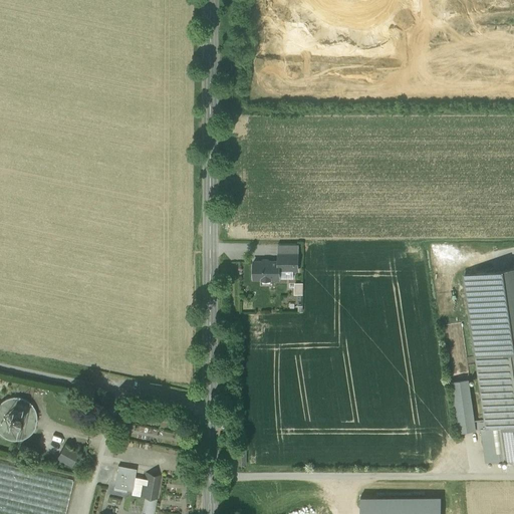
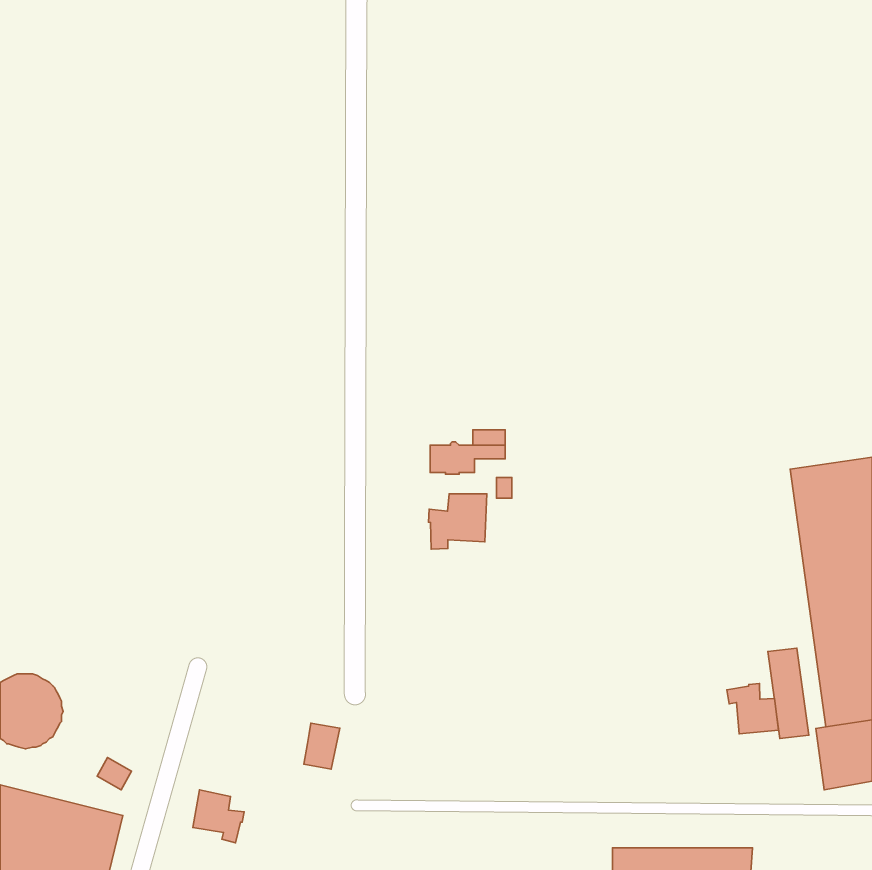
building: none -> [428,494,487,549]
building: none -> [727,684,779,734]
building: [141,473,162,500] -> [304,723,340,769]

